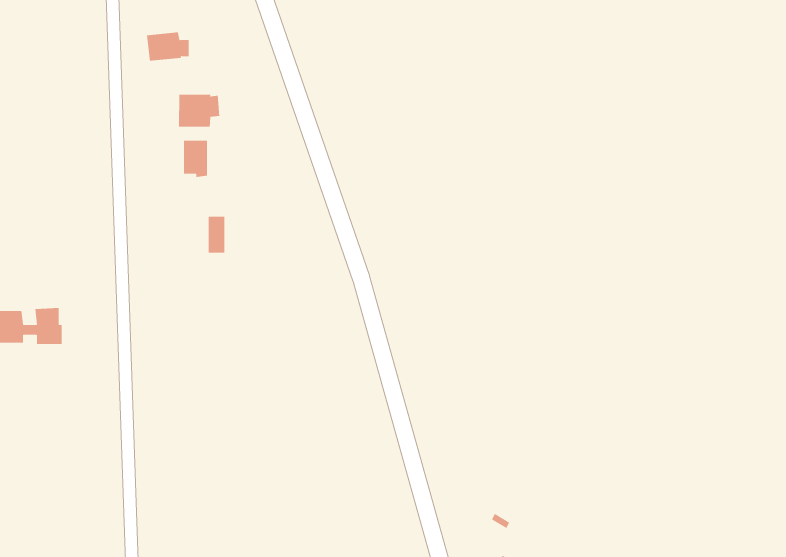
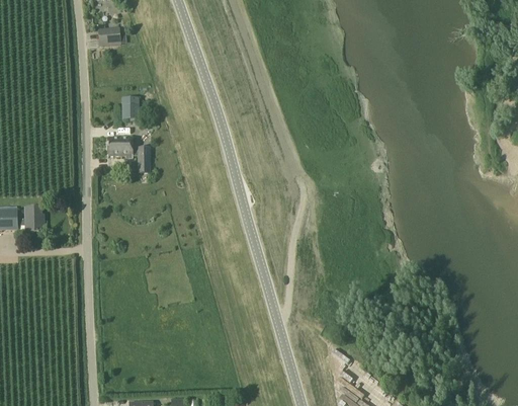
building: [178,94,220,127] -> none
building: none -> [107,136,132,155]

